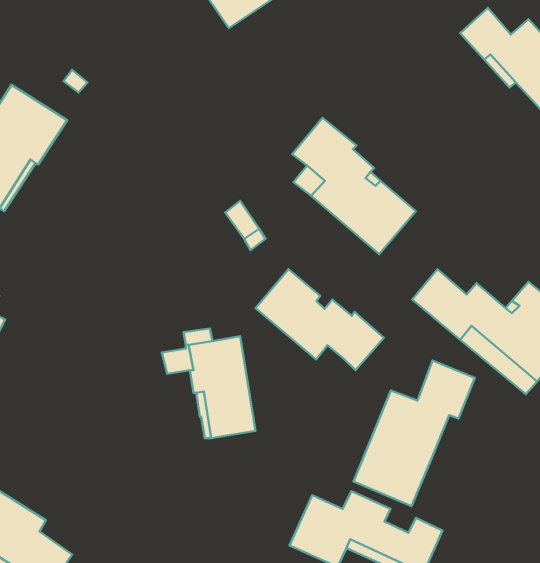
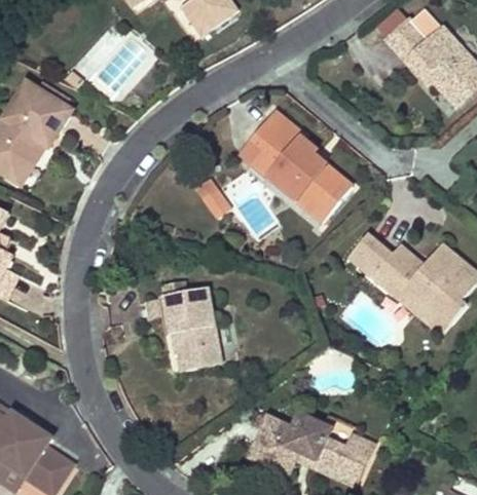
building: [256,269,384,370] -> none
building: [353,361,475,506] -> none

